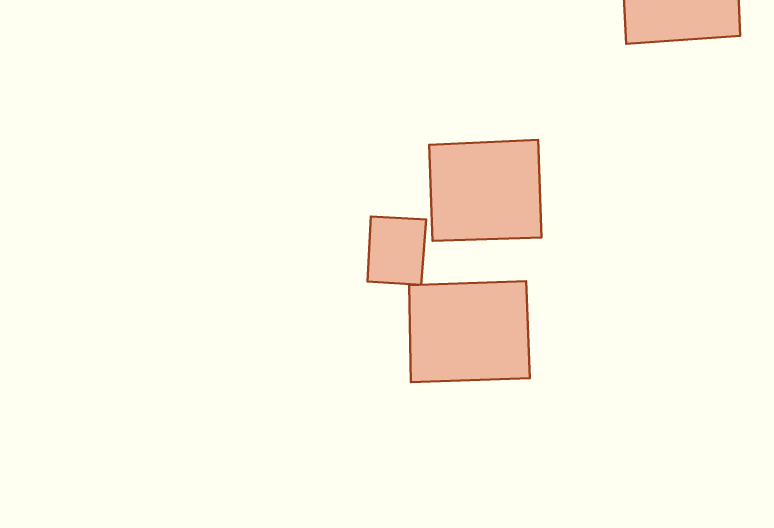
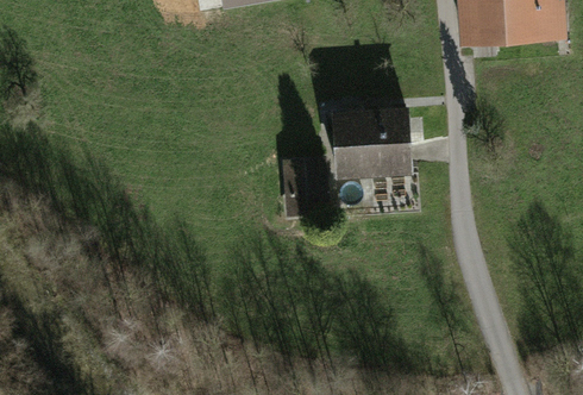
building: [409,281,530,382] -> none

